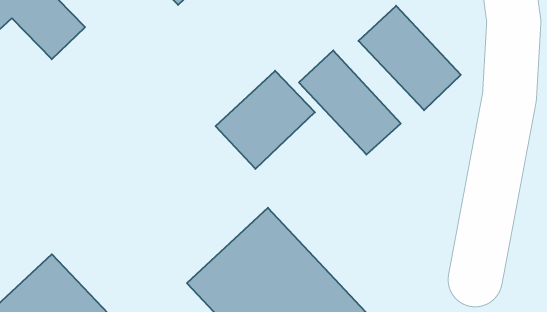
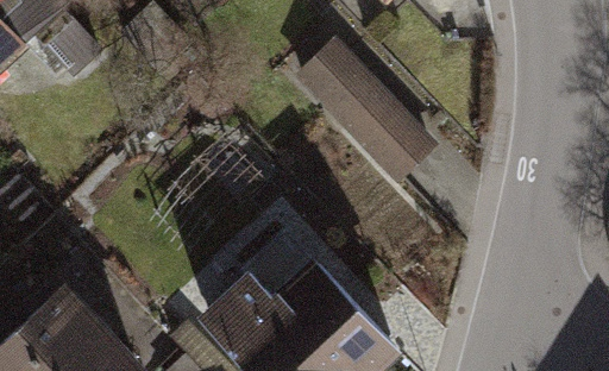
building: [358,6,461,110] -> none
building: [216,71,315,169] -> none

